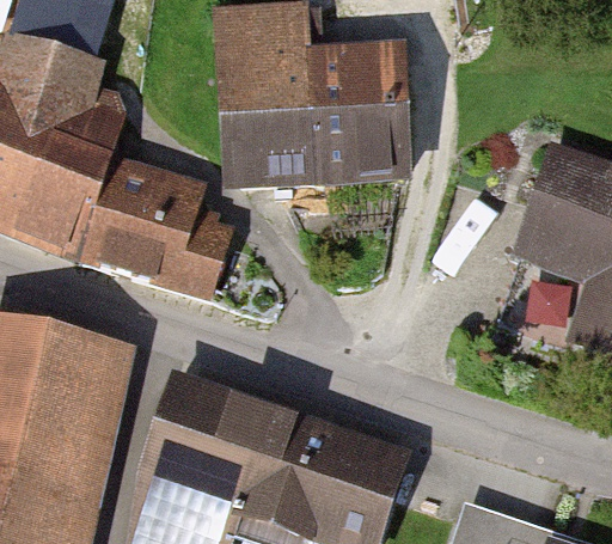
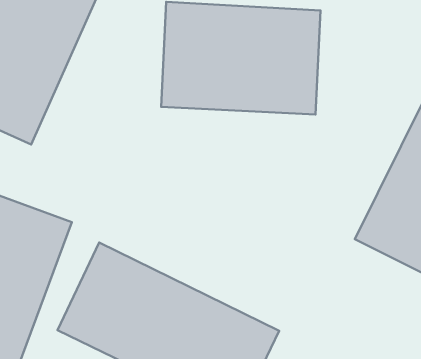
building: [93,176,230,298] -> none

